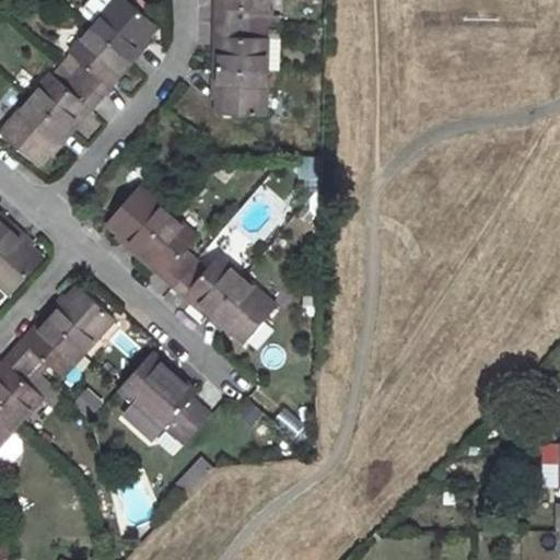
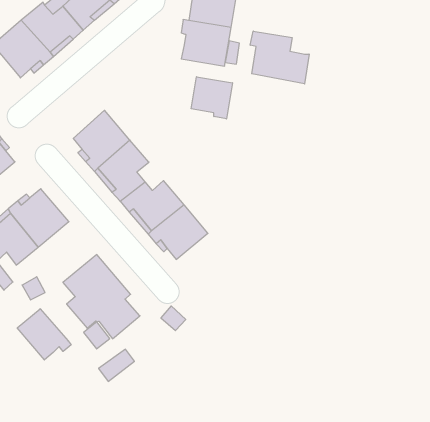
building: none -> [250,31,309,84]
building: none -> [191,77,232,119]
building: none -> [17,309,71,360]

